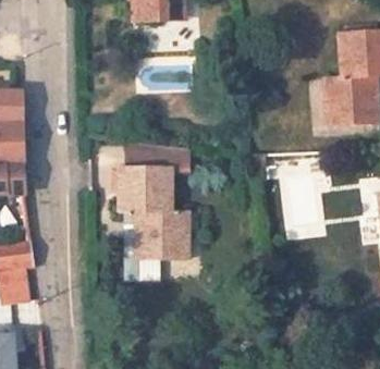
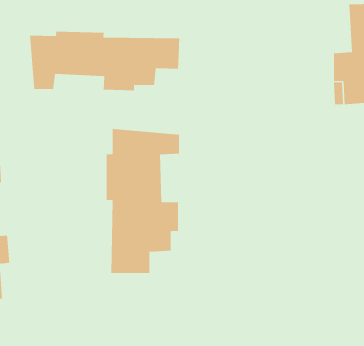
building: none -> [29,31,180,91]

